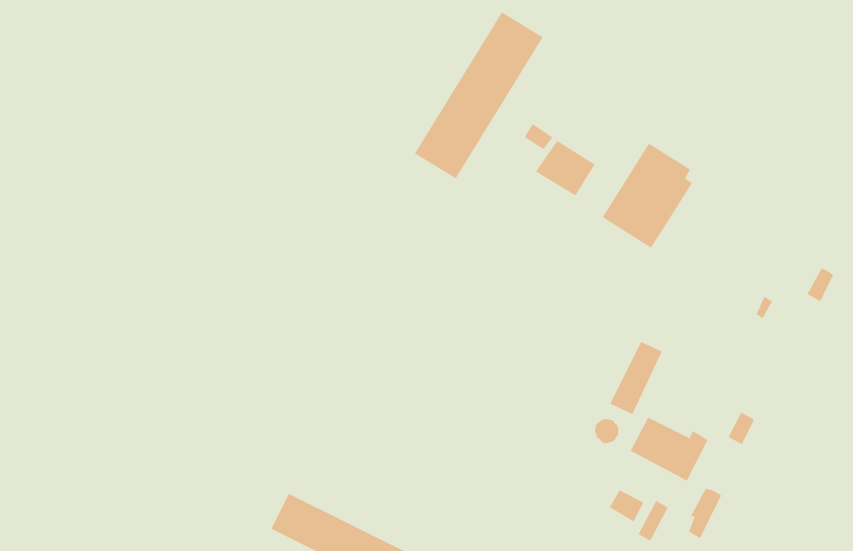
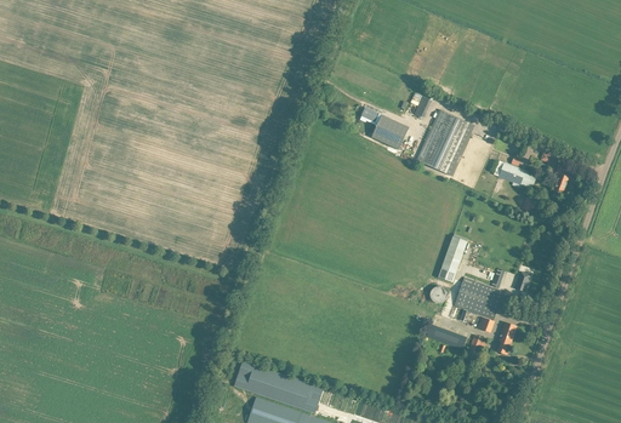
building: [414,12,543,179] -> none
building: none -> [497,162,541,189]

